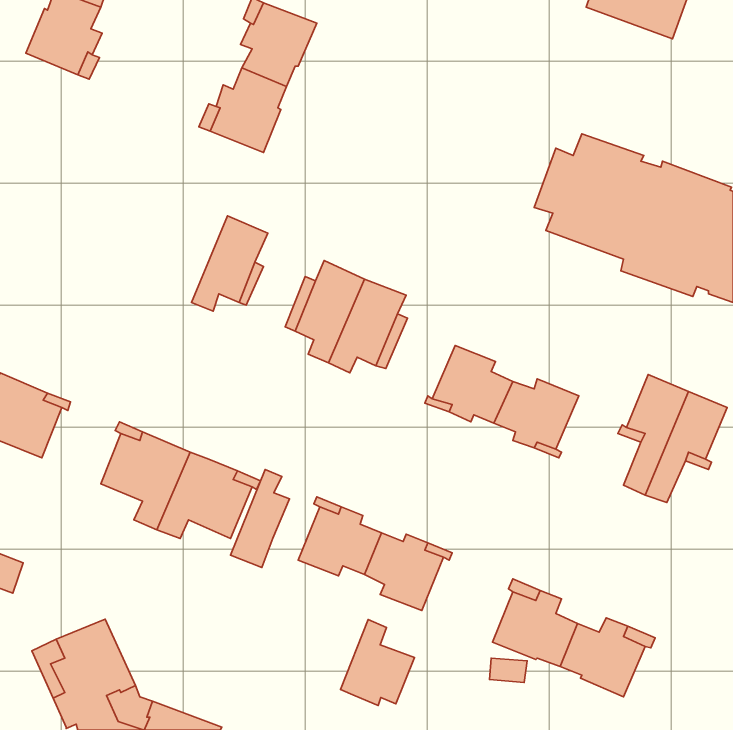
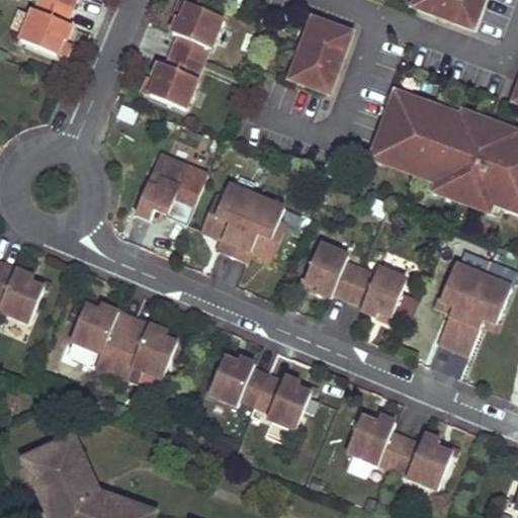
building: none -> [289,16,350,91]
building: [230,469,290,568] -> none
building: [341,619,415,706] -> none

